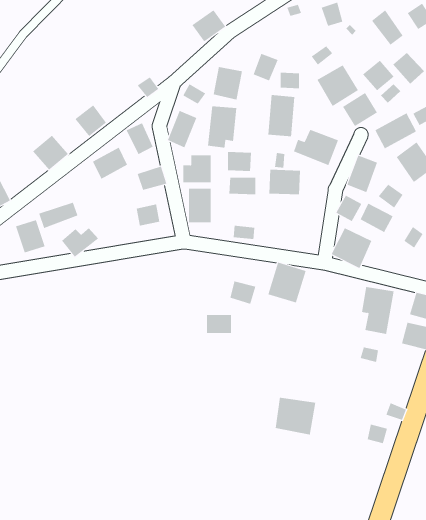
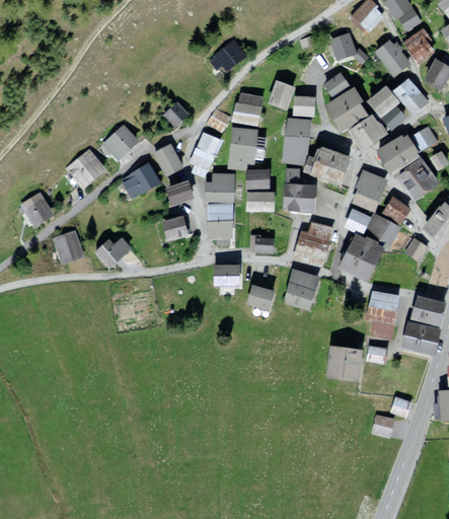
building: [39,202,78,229] -> none
building: none -> [297,223,332,263]
building: [206,315,232,334] -> [216,266,239,283]
building: [275,397,316,435] -> [326,345,364,379]

